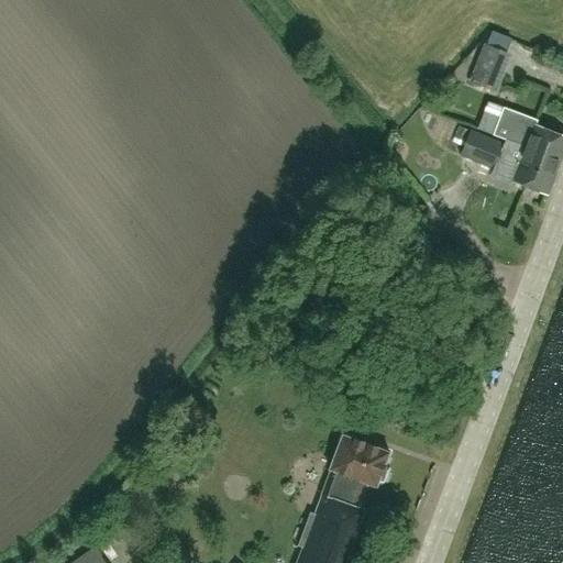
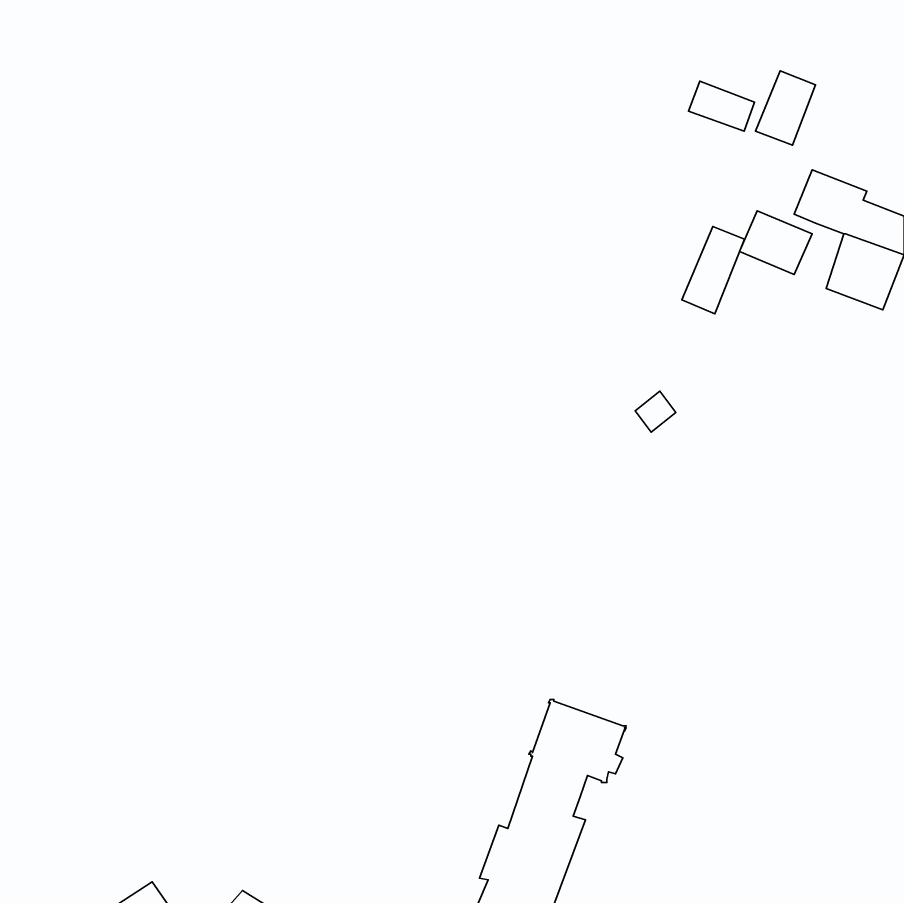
building: none -> [688,81,755,131]
building: none -> [682,227,744,314]

